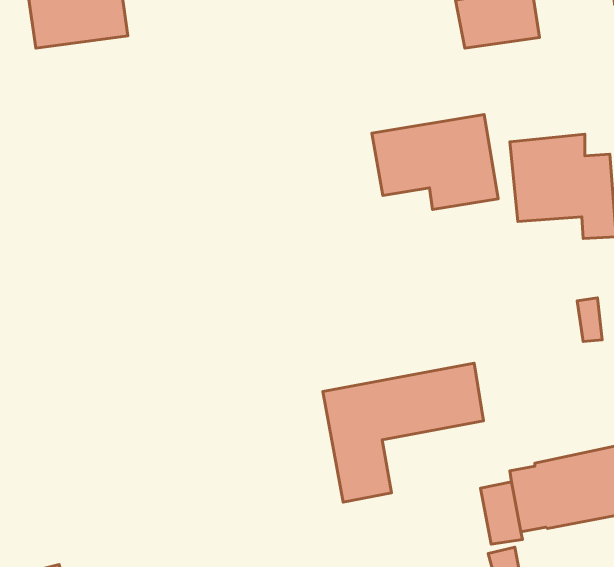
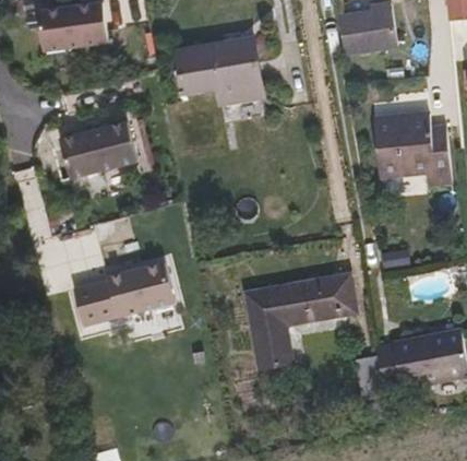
building: [372,115,498,210] -> [176,37,264,104]
building: none -> [59,122,137,179]
building: none -> [73,263,176,328]

